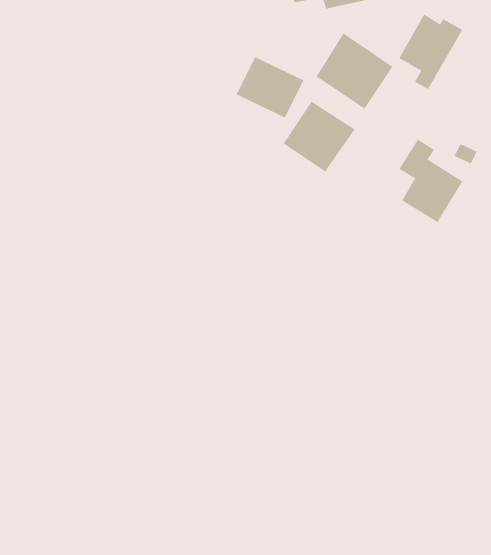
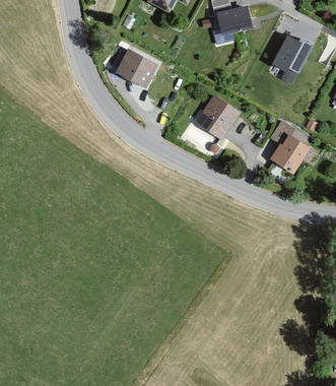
building: [316,32,393,109] -> none
building: [236,56,304,118] -> [116,44,159,83]

